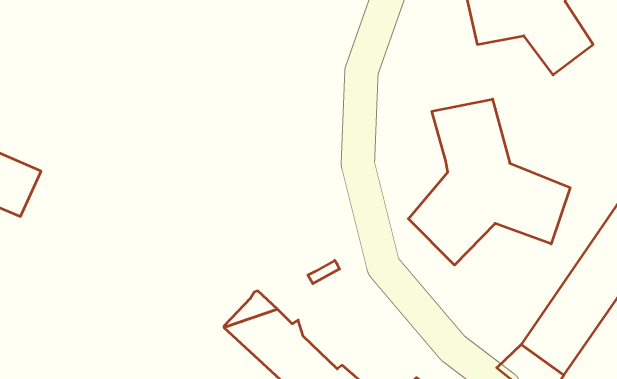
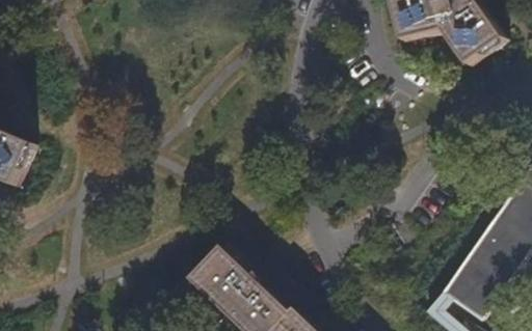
building: [408,99,570,265] -> none

